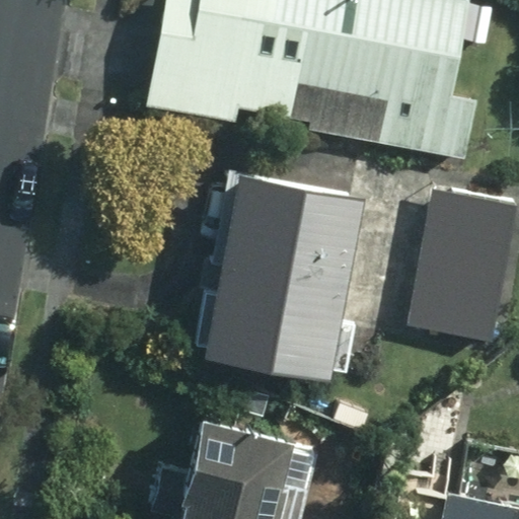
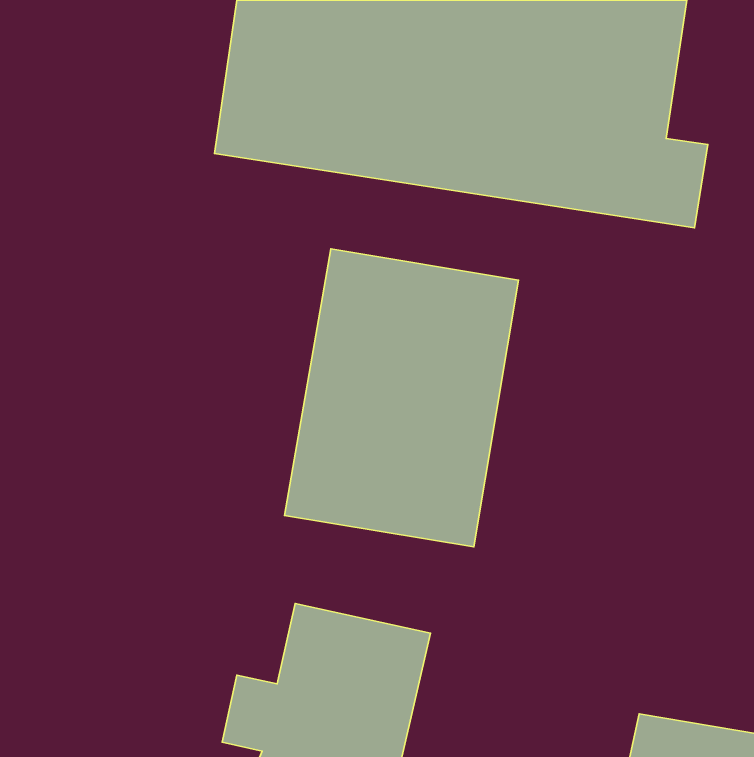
building: [423,182,507,338] -> none

